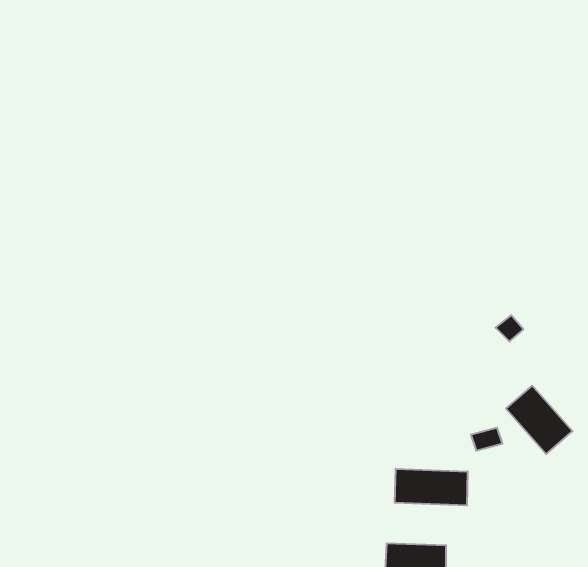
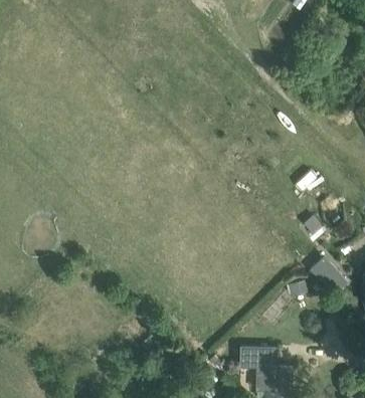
building: [395,469,468,506] -> none

